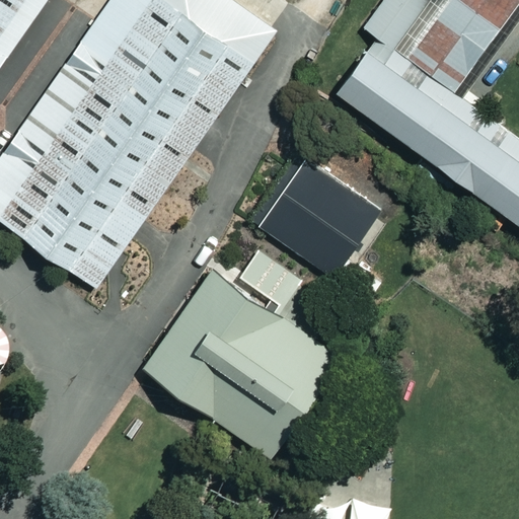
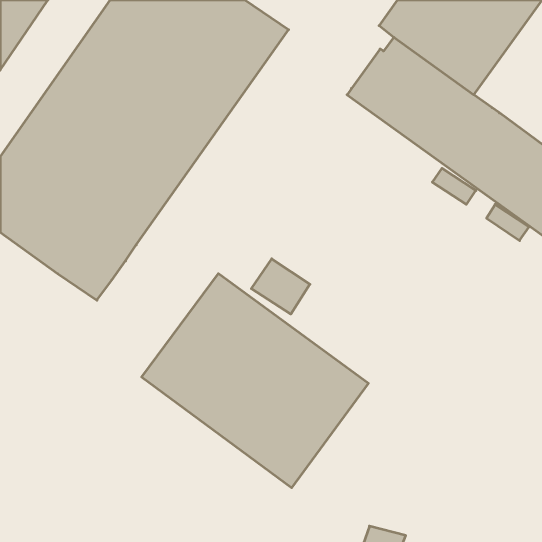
building: [245,151,377,280] -> none

